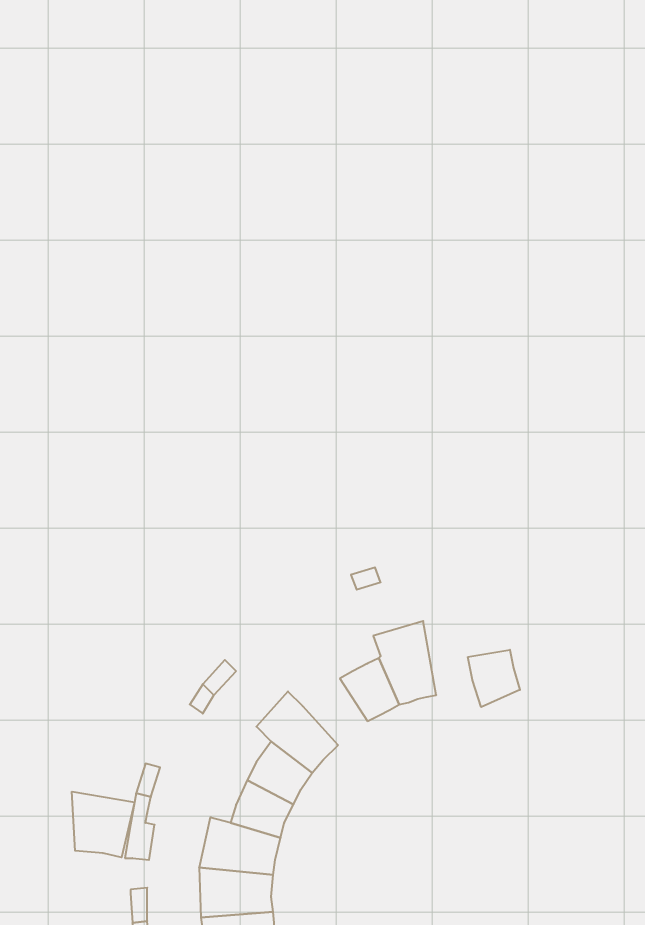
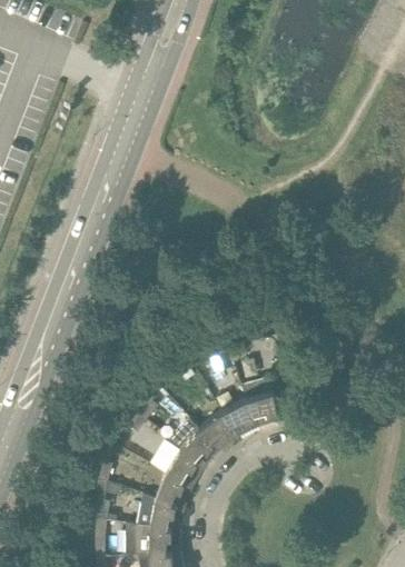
building: [468,650,520,707] -> none
building: none -> [195,417,234,457]
building: [72,792,135,857] -> none

